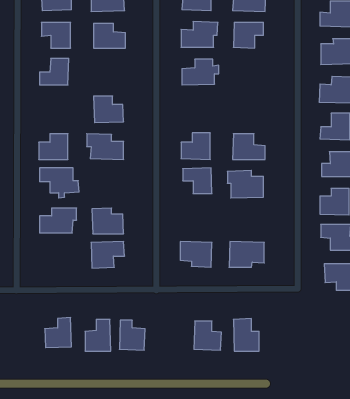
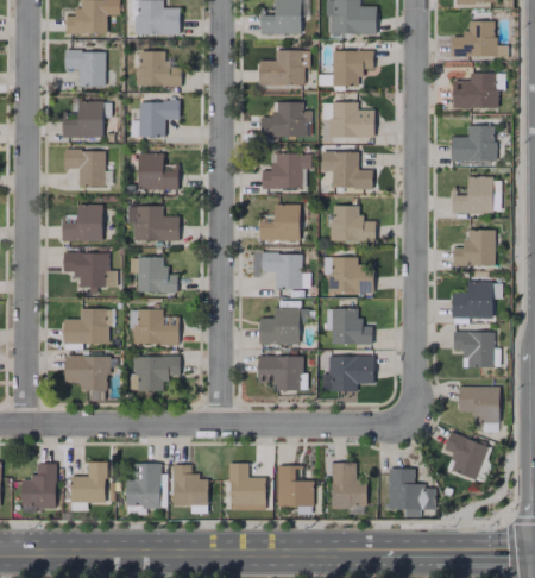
building: none -> [139,101,180,137]
building: none -> [322,102,374,138]
building: none -> [64,150,106,187]
building: none -> [321,152,373,189]
building: none -> [262,153,311,189]
building: none -> [137,257,178,293]
building: none -> [259,308,300,345]
building: none -> [332,309,372,345]
building: none -> [65,356,109,401]
building: none -> [445,432,489,480]
building: none -> [229,463,266,511]
building: none -> [21,464,57,508]
building: none -> [389,469,436,517]

